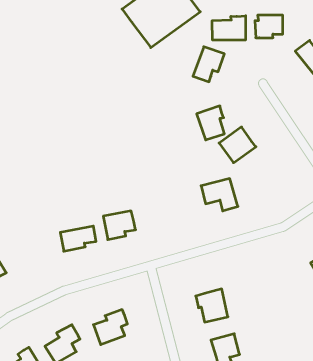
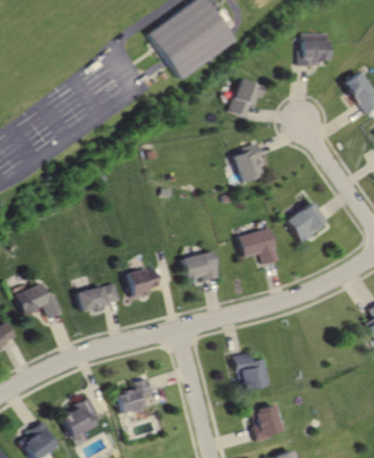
building: [212,16,246,40] -> none
building: [219,127,256,163] -> [287,200,329,241]
building: none -> [181,251,218,281]
building: none -> [17,284,64,320]

